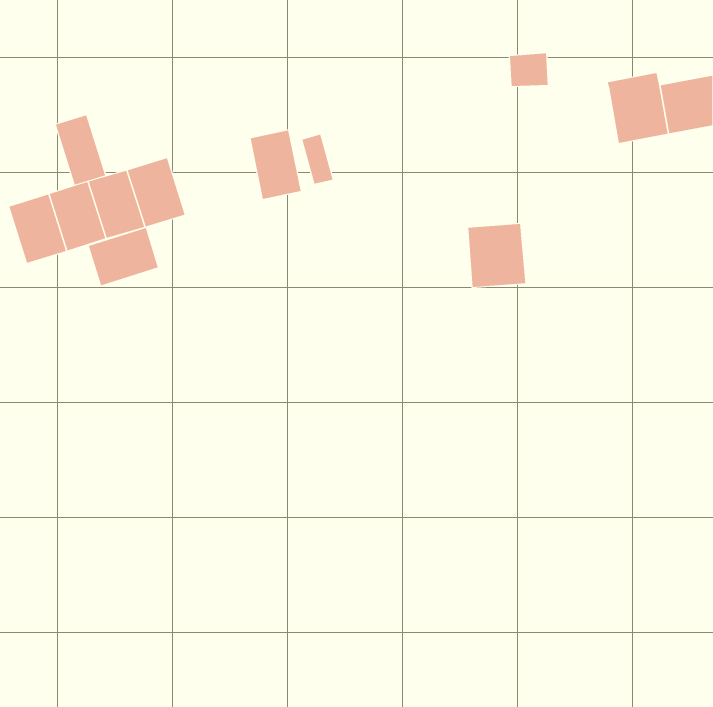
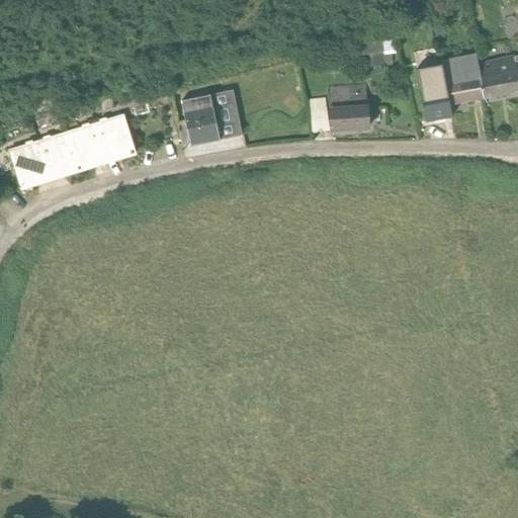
building: none -> [416,64,450,121]
building: [55,114,106,185] -> none
building: [468,223,526,288] -> [328,85,370,132]
building: [88,227,159,286] -> none

